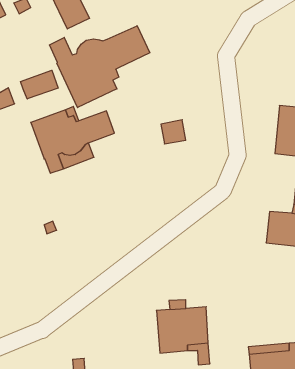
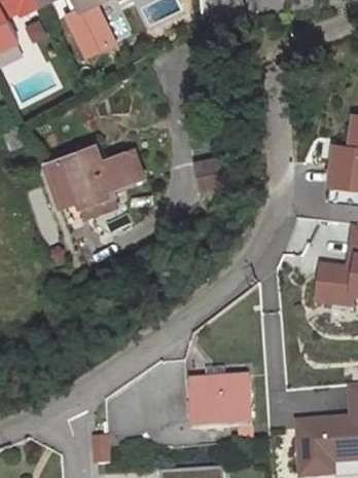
building: [49,26,150,108] -> none
building: [20,70,58,99] -> none

